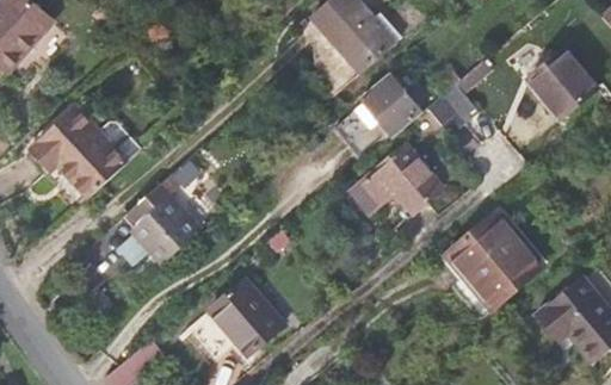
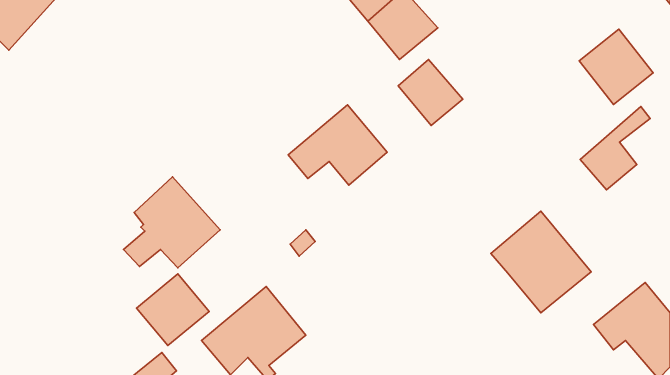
building: [426,61,489,136] -> [580,107,650,190]
building: [32,107,138,195] -> none
building: [350,145,439,218] -> [288,105,387,185]
building: none -> [136,274,209,346]

